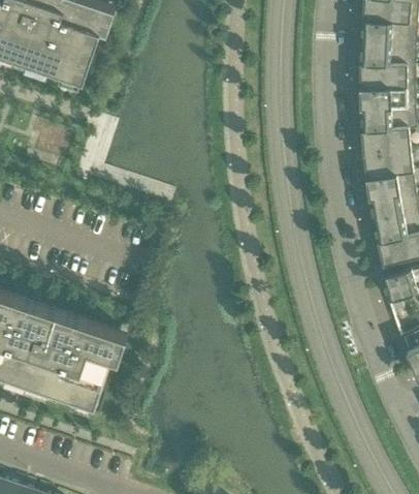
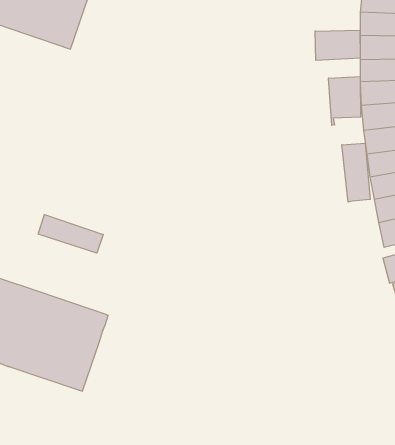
building: none -> [315,30,360,60]
building: none -> [329,77,361,125]
building: none -> [342,143,370,202]
building: none -> [38,215,103,253]

